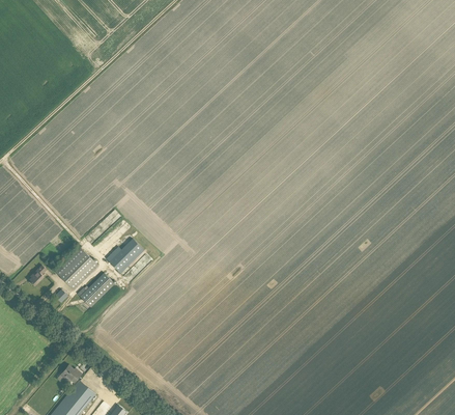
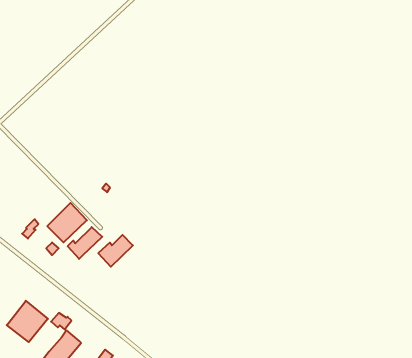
building: [107,239,144,273] -> [98,235,133,267]
building: none -> [7,301,48,342]

